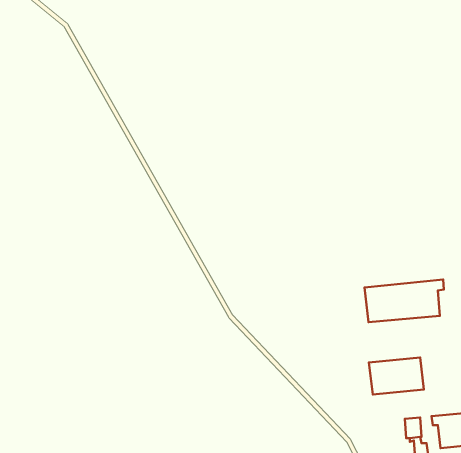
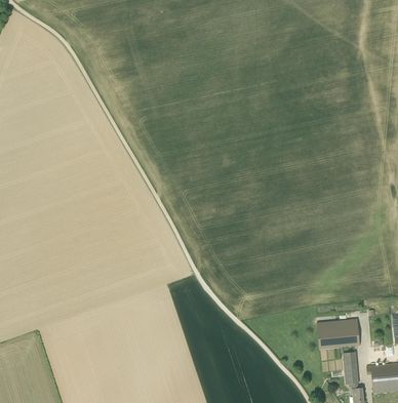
building: [365,280,444,322] -> none

